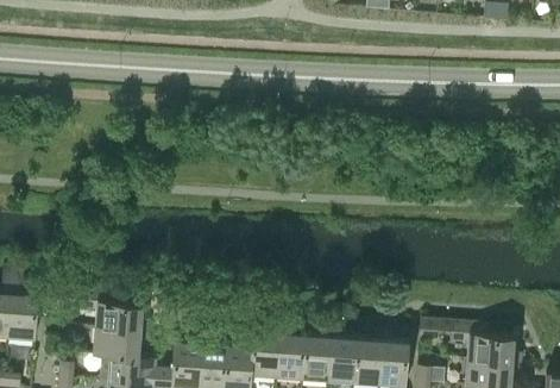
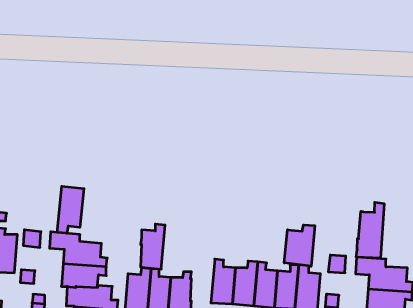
building: none -> [57,186,84,233]
building: none -> [356,202,384,258]
building: none -> [284,225,315,266]
building: [250,321,279,376] -> [141,224,165,269]

